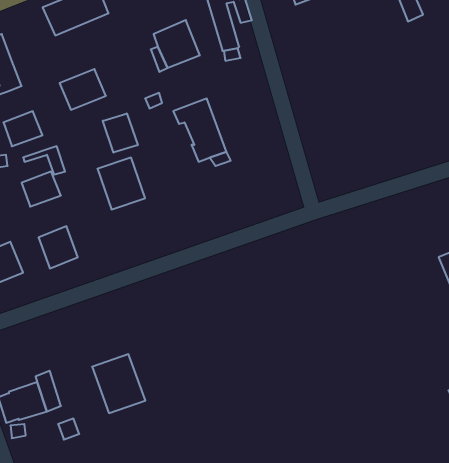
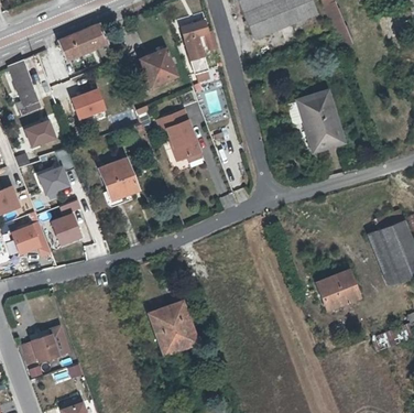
building: none -> [296,90,341,150]
building: [103,113,138,153] -> none
building: none -> [317,271,362,311]
building: [92,354,145,413] -> [157,306,199,352]

